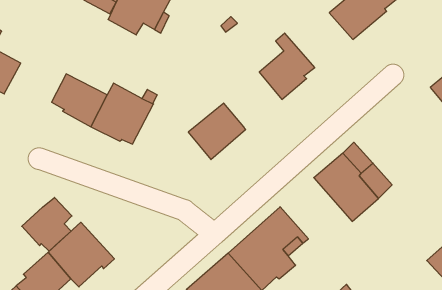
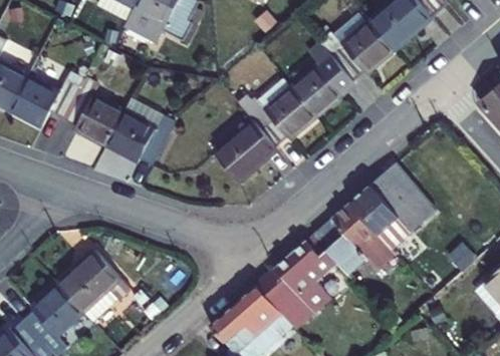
building: none -> [318,20,395,80]
building: none -> [10,75,78,127]
building: none -> [237,78,316,145]
building: none -> [314,202,394,273]
building: [22,197,72,251] -> none

